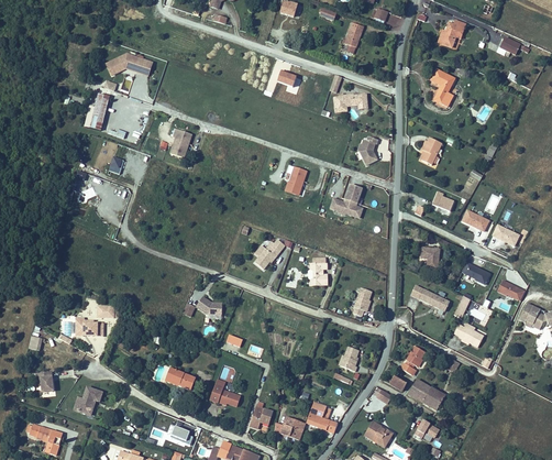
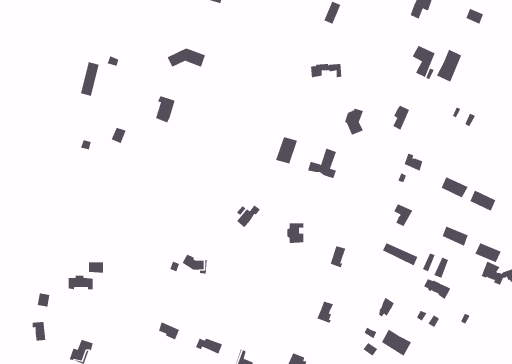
building: [103,52,145,73] -> [167,48,206,67]
building: none -> [436,49,462,82]

